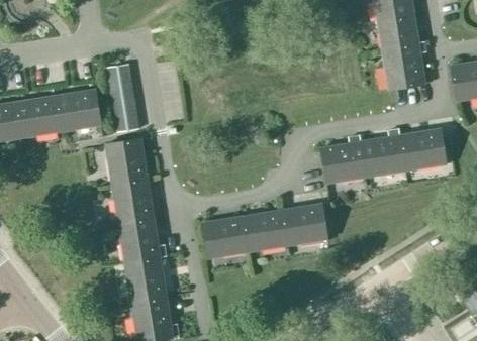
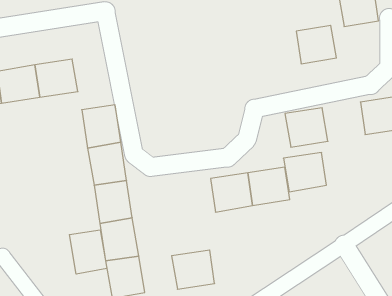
building: [384,49,426,90] -> [296,25,336,64]
building: [108,64,139,131] -> none
building: [361,135,406,177] -> [283,153,326,192]
building: [202,216,248,257] -> [172,250,215,289]
building: none -> [69,230,107,274]

